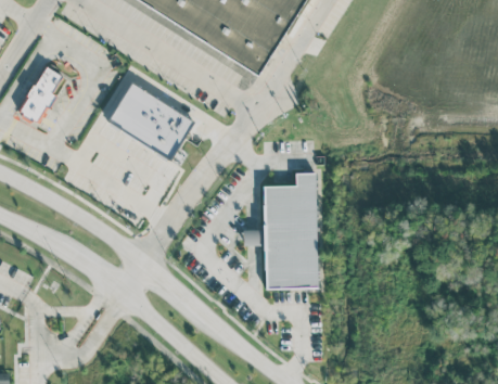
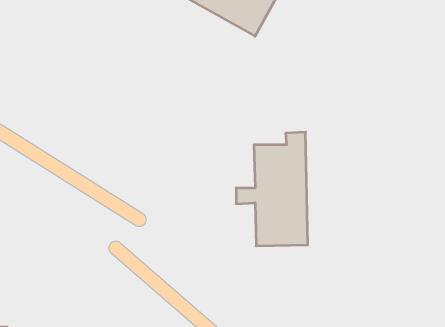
building: [17,65,67,123] -> none
building: [107,85,194,158] -> none

